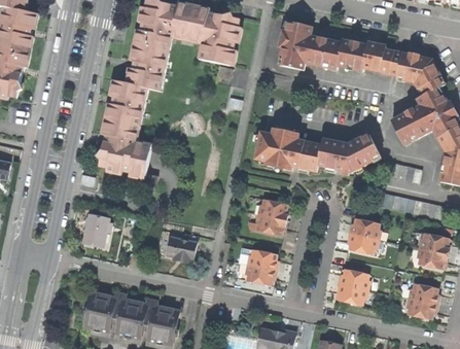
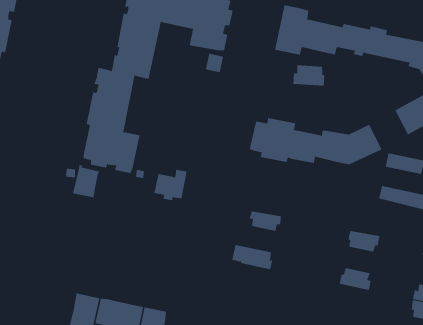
building: none -> [293,65,325,87]
building: [256,199,287,220] -> none
building: [82,212,108,243] -> [72,165,100,198]
building: [349,218,380,239] -> none
building: [165,233,197,263] -> [154,169,187,201]
building: [244,265,275,285] -> none
building: [337,284,367,306] -> none

